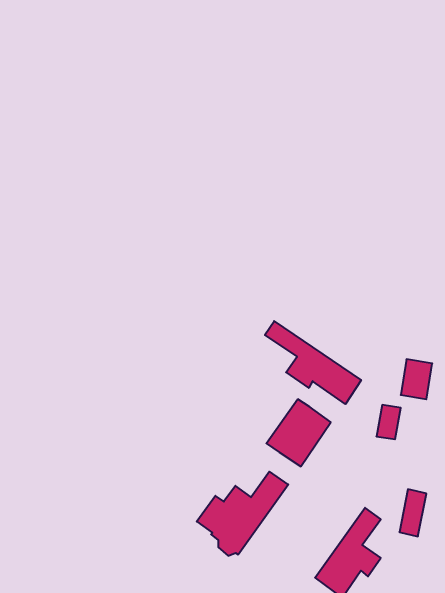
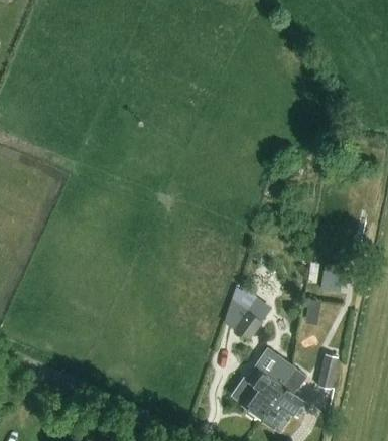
building: [265,321,361,404] -> none
building: [197,472,288,556] -> [230,357,294,417]

